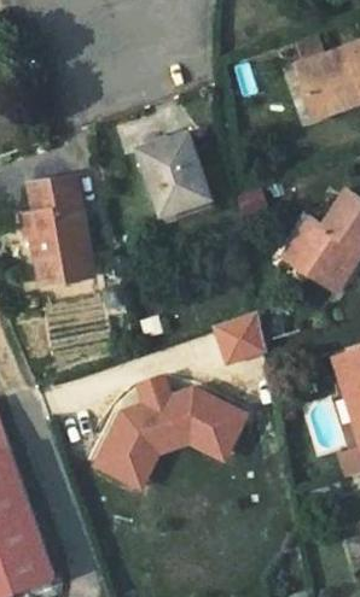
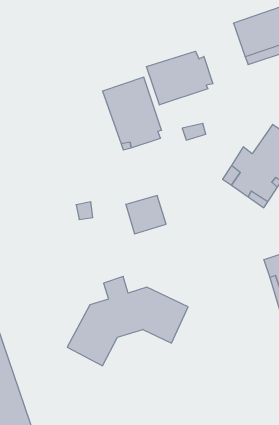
building: none -> [147,51,213,105]
building: [17,176,93,283] -> none
building: [213,316,262,363] -> [126,196,166,234]

